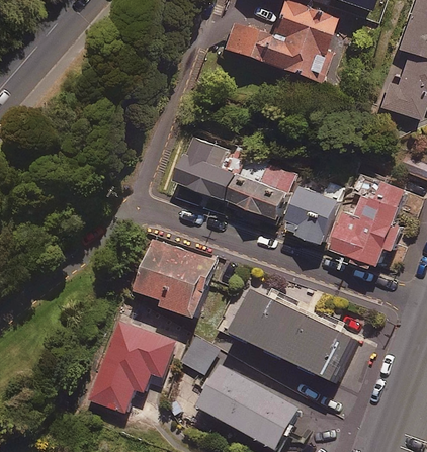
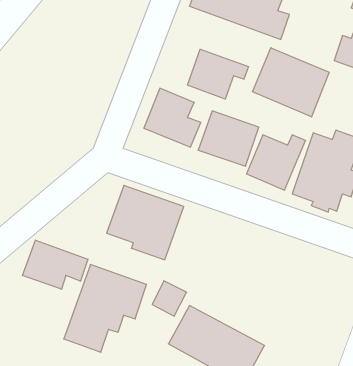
building: none -> [252,48,329,117]
building: none -> [187,49,248,99]
building: [222,285,356,379] -> none
building: none -> [23,240,88,289]

